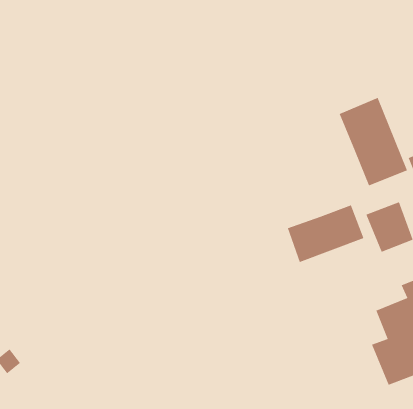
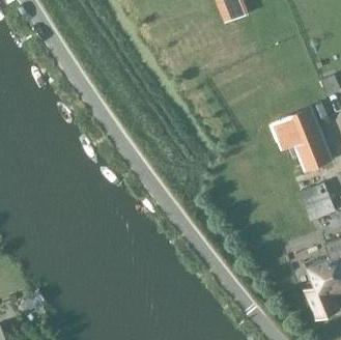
building: [287,204,364,263] -> none

